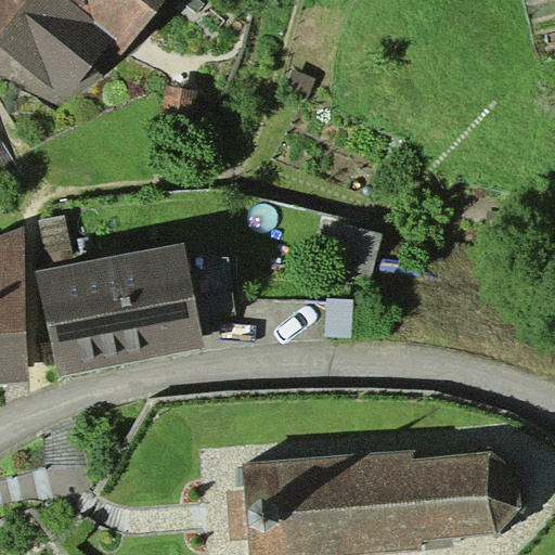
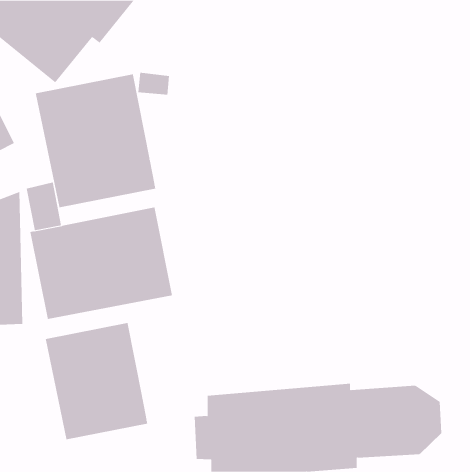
building: none -> [35,74,156,208]
building: none -> [45,322,148,440]

